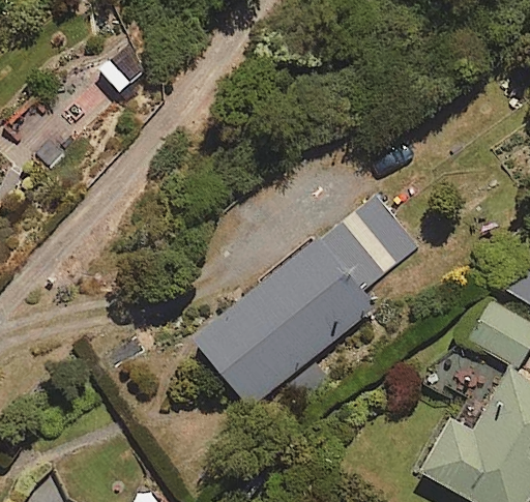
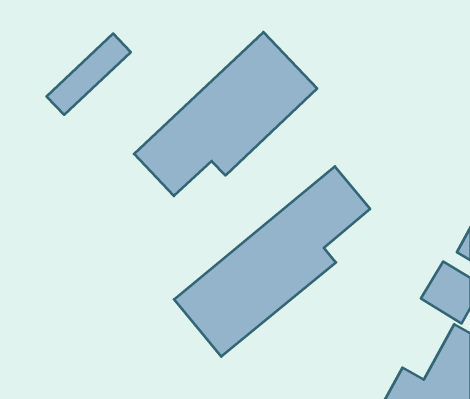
building: none -> [134,32,317,196]

